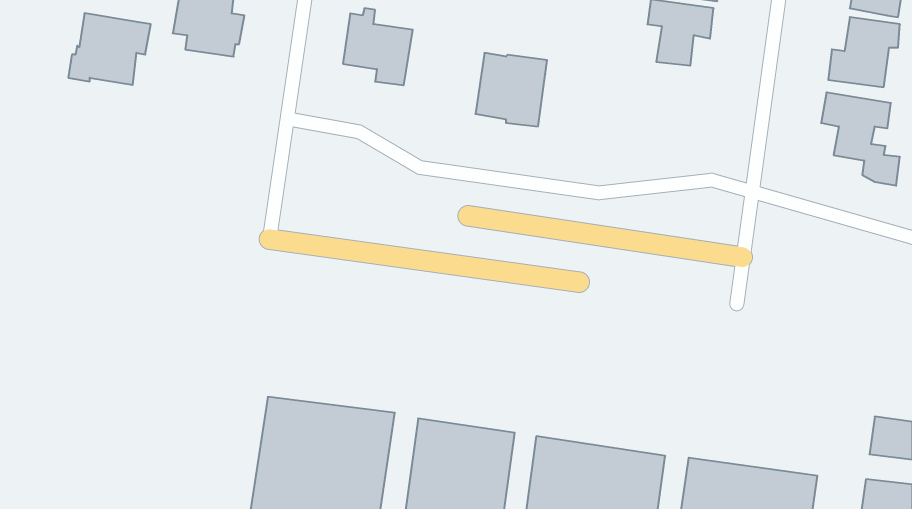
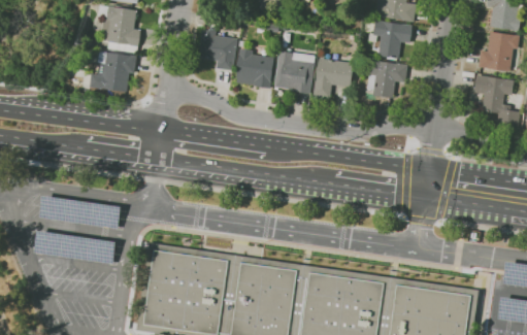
building: [68,13,151,85] -> [90,51,137,92]
building: none -> [235,48,274,89]
building: none -> [314,58,353,98]
building: none -> [365,58,408,100]
building: none -> [37,196,120,229]
building: none -> [32,230,113,264]

